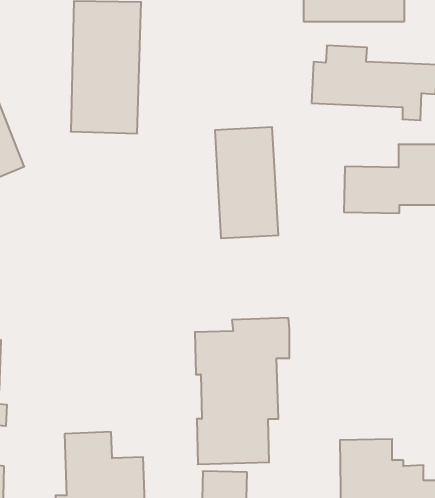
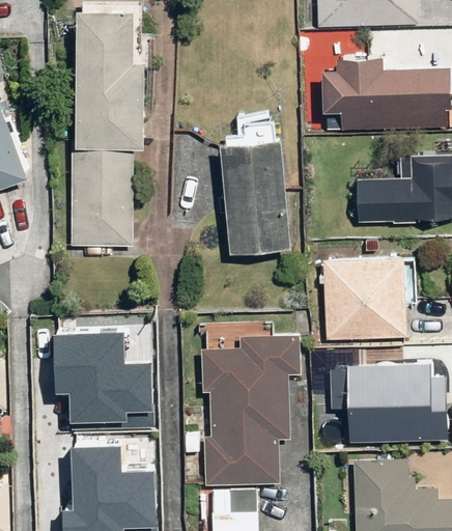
building: none -> [70,153,133,248]
building: none -> [321,258,411,339]
building: none -> [52,337,150,432]
building: none -> [314,359,445,443]

